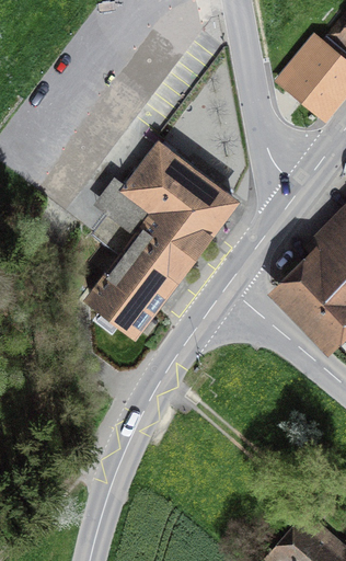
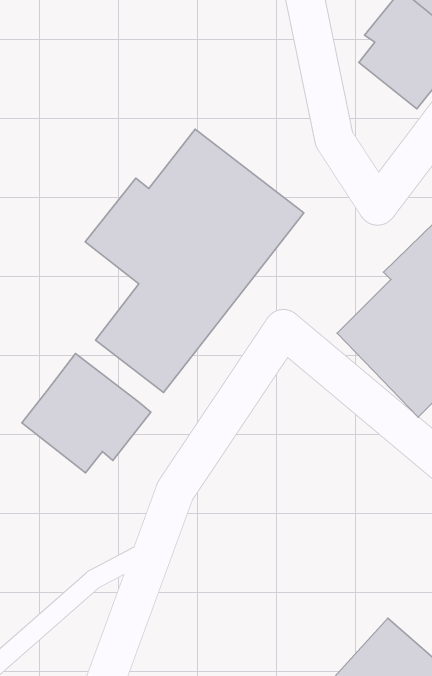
building: none -> [22,353,151,473]

